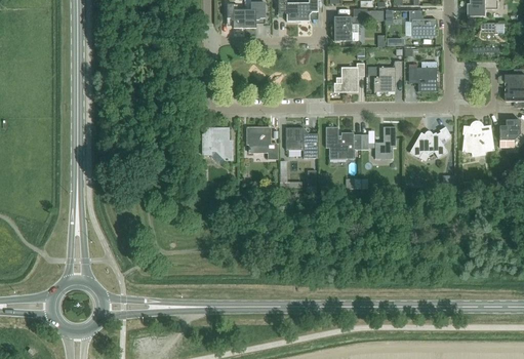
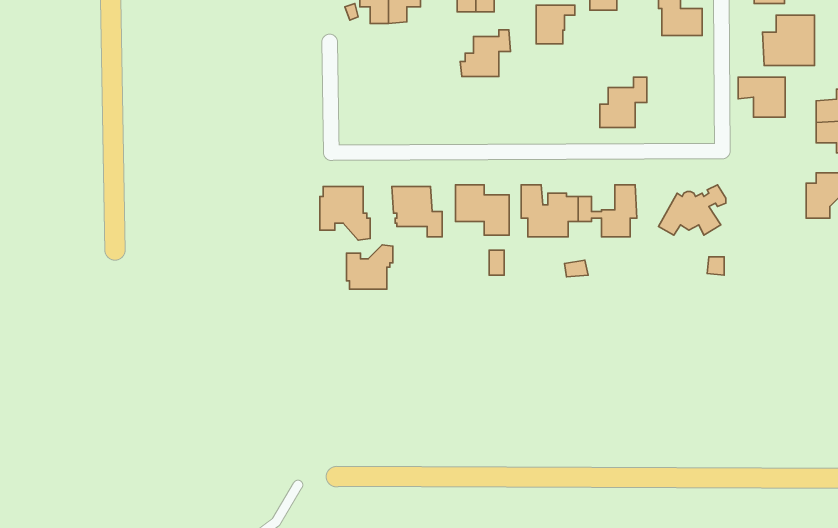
building: [333,63,364,91] -> [460,30,510,77]
building: [408,67,437,91] -> [738,77,785,117]
building: [462,122,494,155] -> none
building: none -> [347,245,393,289]

